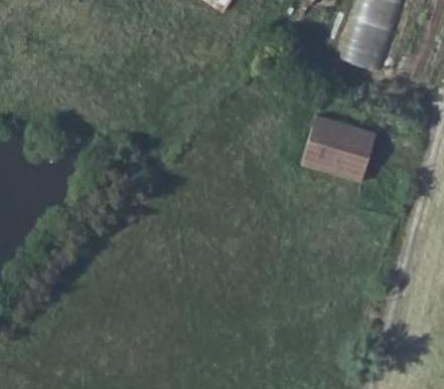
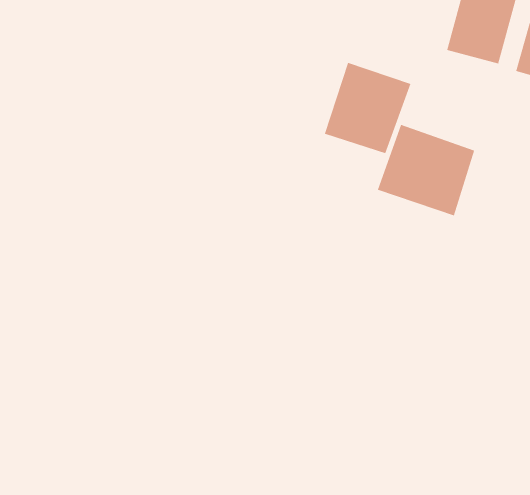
building: none -> [324,62,411,154]

